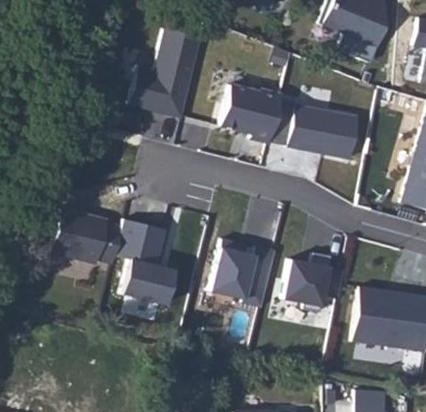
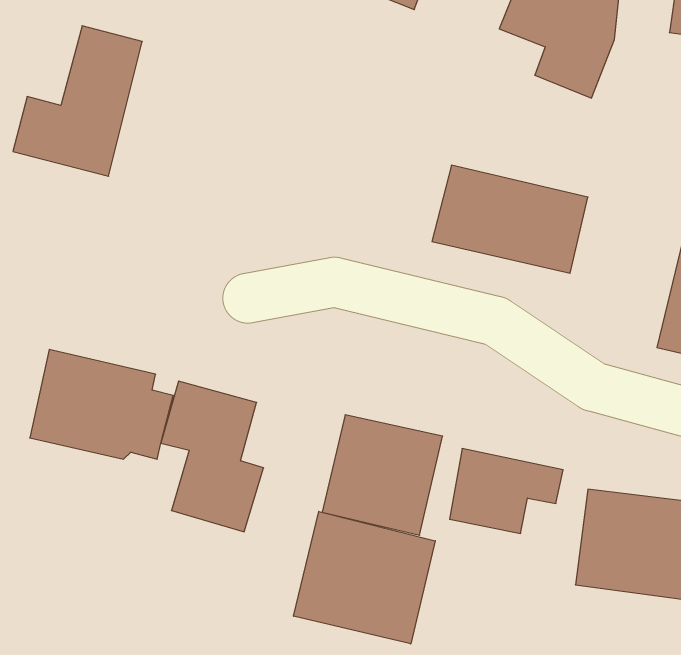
building: [130,35,203,120] -> [13,26,142,176]
building: [221,87,285,143] -> none
building: none -> [294,511,435,644]

